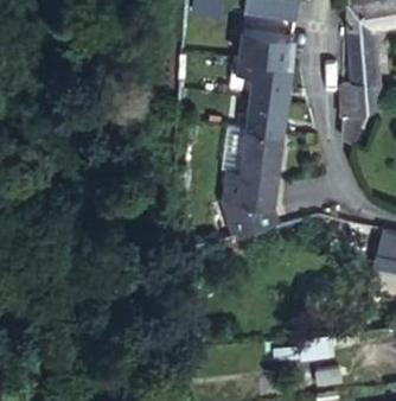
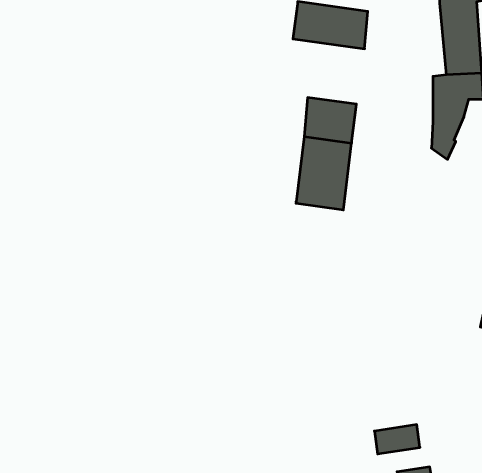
building: [239,57,293,104] -> none
building: [225,173,280,236] -> none

